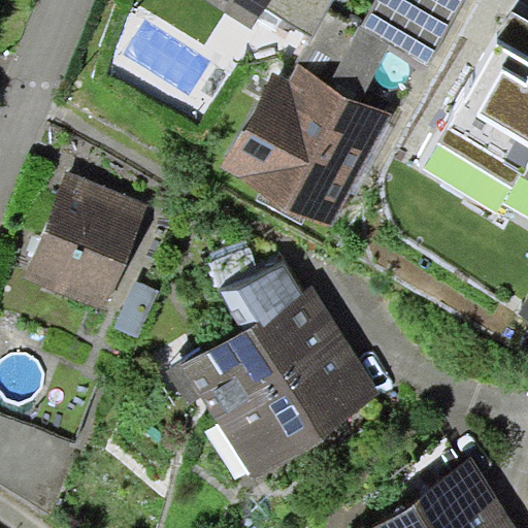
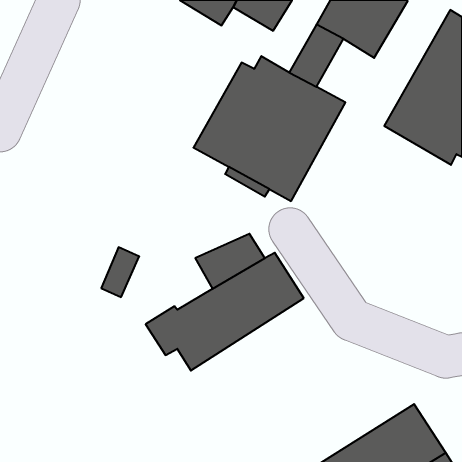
building: [26,172,151,310] -> none
building: [218,340,383,480] -> none

